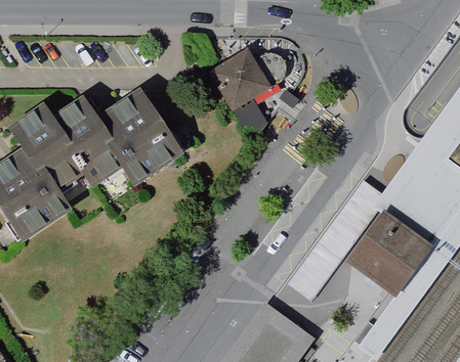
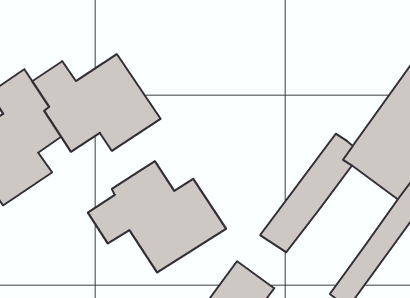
building: [215,49,292,115] -> none
building: none -> [88,161,226,273]
building: [350,203,430,283] -> none

